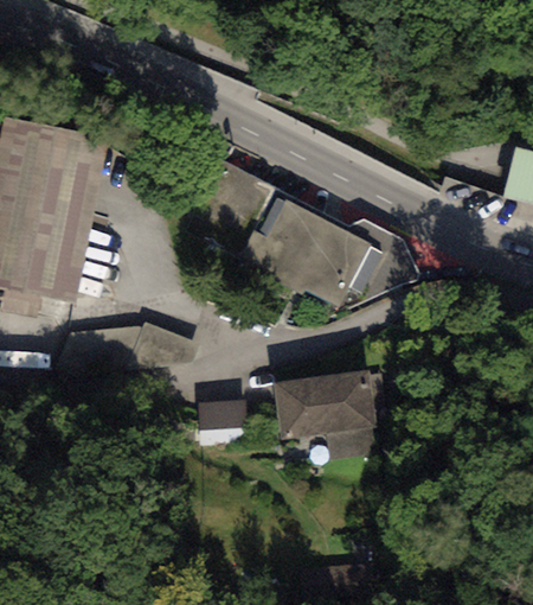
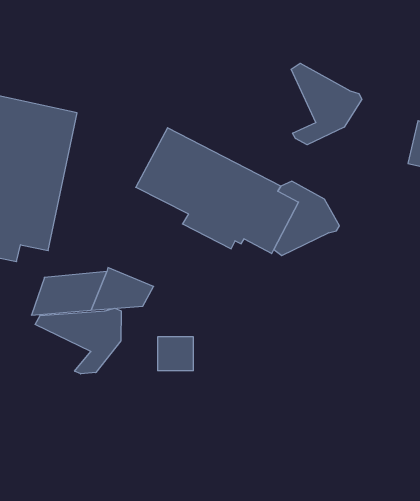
building: none -> [291,63,362,145]
building: [271,370,383,457] -> none
building: none -> [35,308,121,374]

